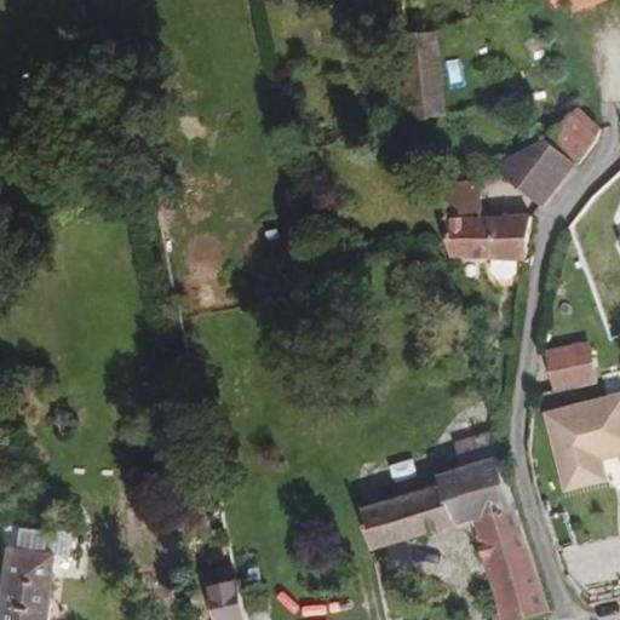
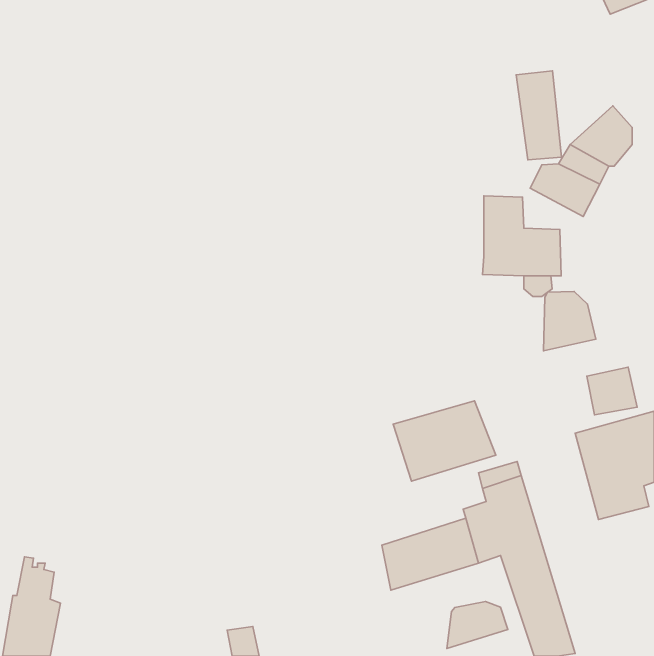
building: [397,28,440,111] -> [516,71,561,160]
building: none -> [543,291,596,351]
building: none -> [393,401,496,481]
building: none -> [447,602,508,648]

